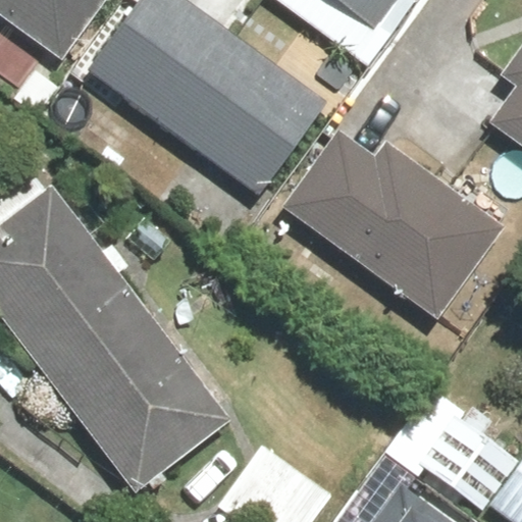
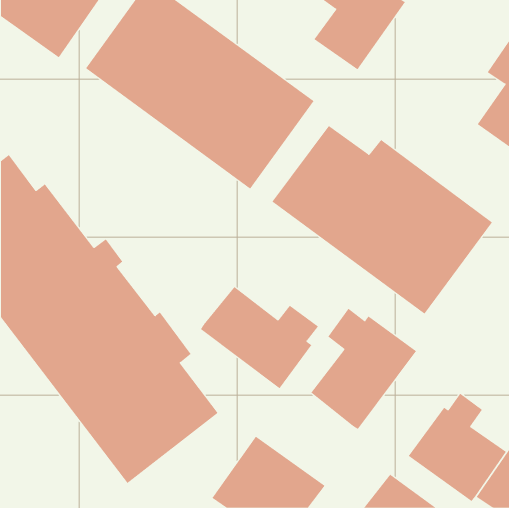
building: none -> [200,286,319,389]
building: none -> [310,308,417,430]

